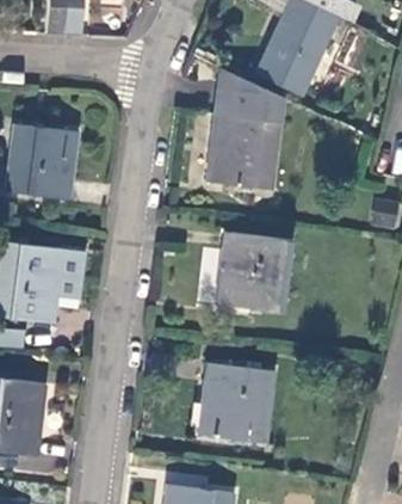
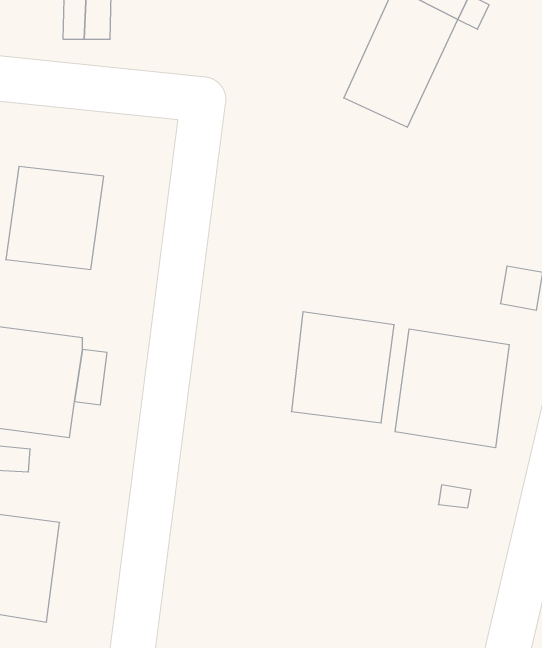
building: [205,66,284,188] -> none
building: none -> [395,329,509,448]
building: [197,362,276,443] -> none

